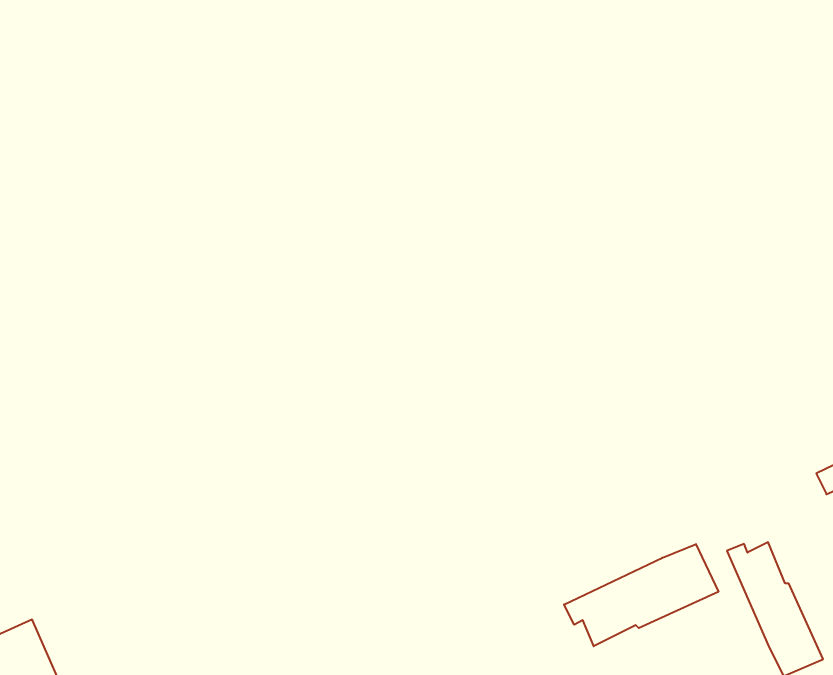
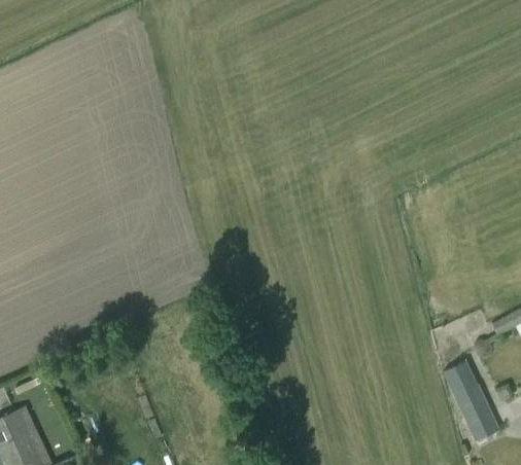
building: [564,544,718,646] -> none

